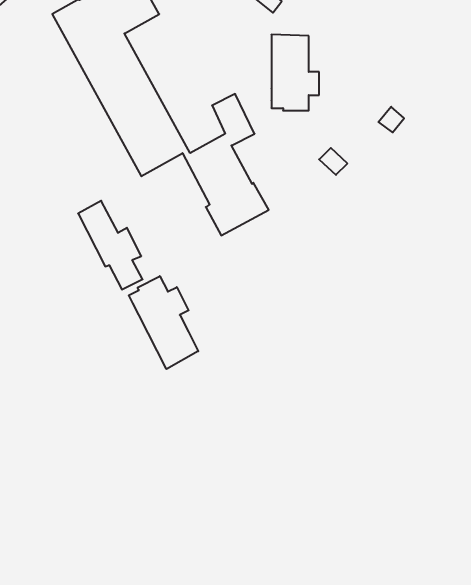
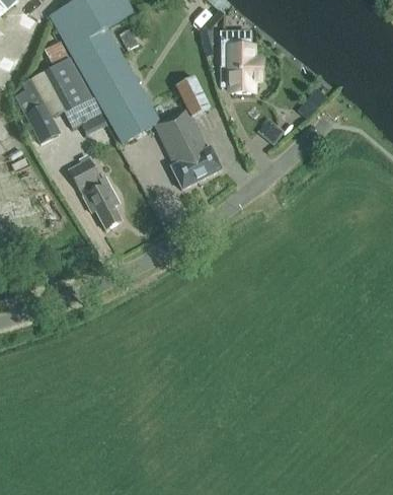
building: none -> [16,41,101,143]
building: [129,276,198,369] -> none

